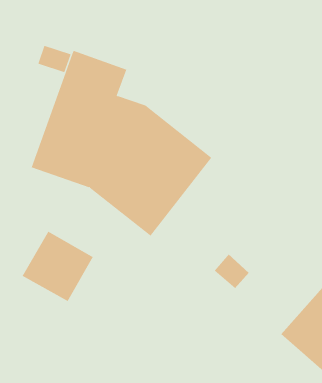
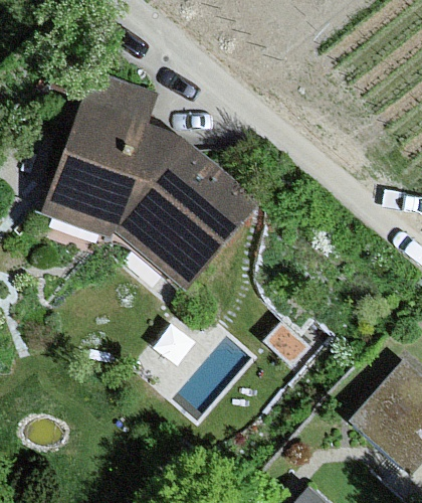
building: [22,231,93,302] -> none

